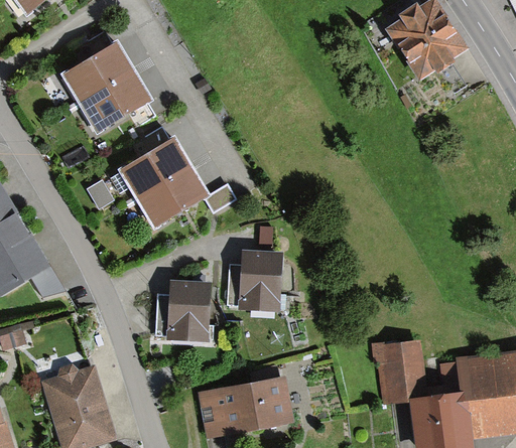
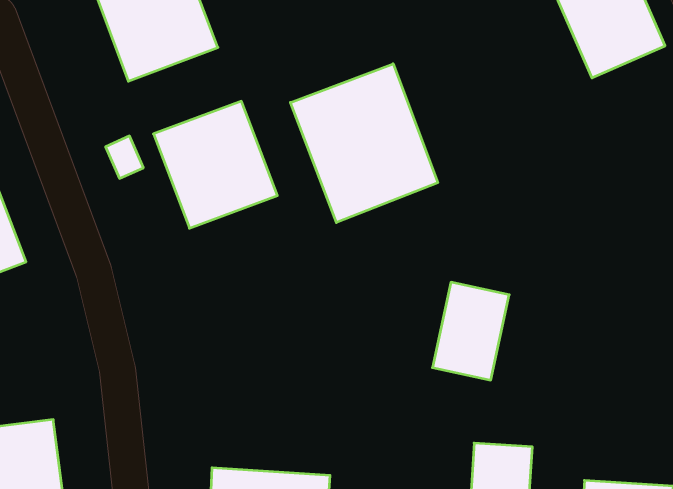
building: none -> [290,64,438,223]
building: [240,247,284,309] -> [432,282,509,380]
building: [167,277,212,339] -> none

